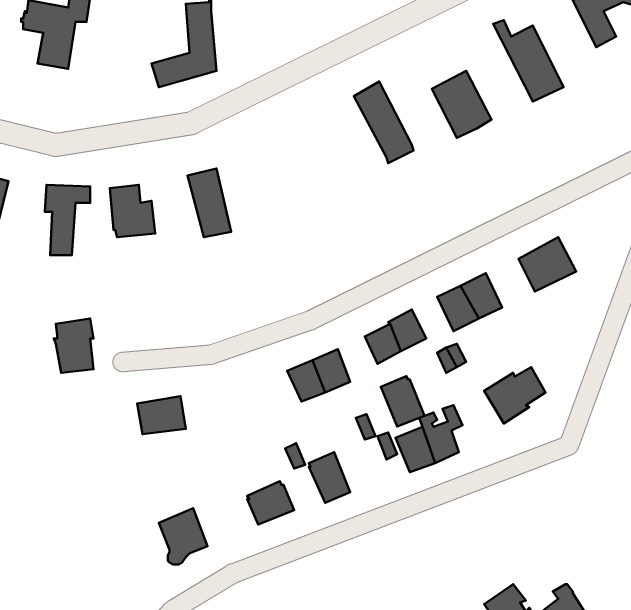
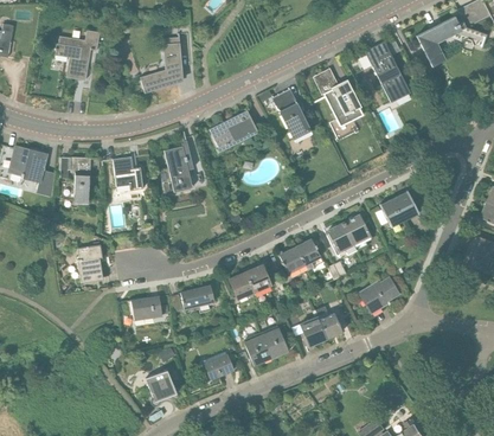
building: none -> [208,110,258,152]
building: [381,376,424,427] -> [259,325,288,358]
building: none -> [180,286,214,309]

